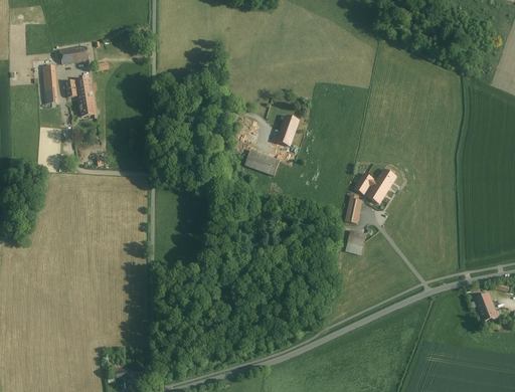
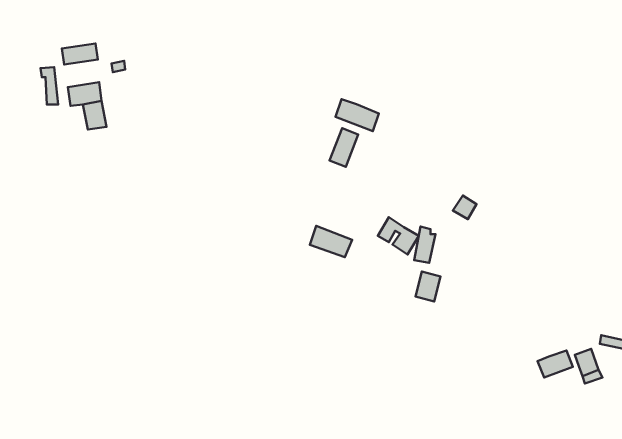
building: none -> [335,99,379,131]
building: [244,150,279,175] -> [310,226,352,257]
building: [354,173,387,203] -> [378,217,419,255]
building: none -> [538,351,573,377]

